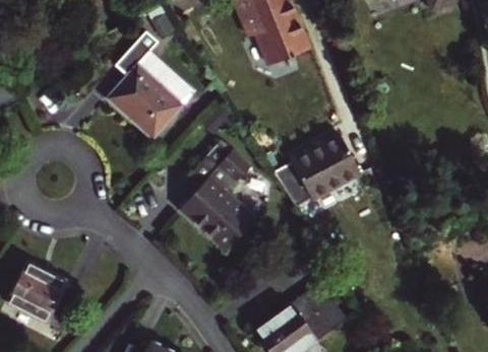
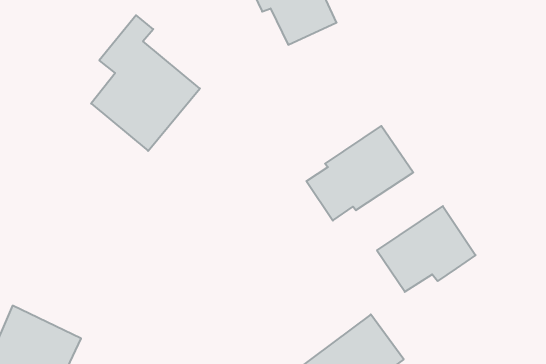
building: [177,144,251,251] -> none
building: none -> [377,206,476,292]

